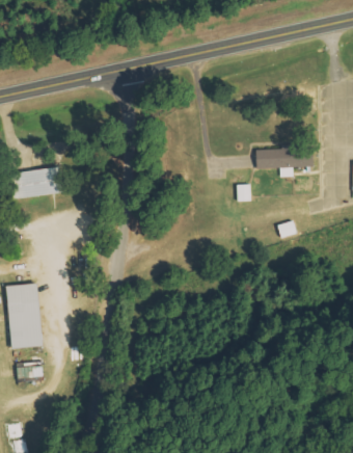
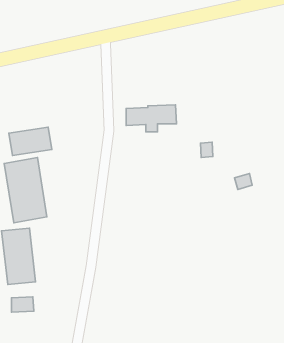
building: [255,145,314,177] -> [126,105,176,132]
building: none -> [4,158,47,223]

